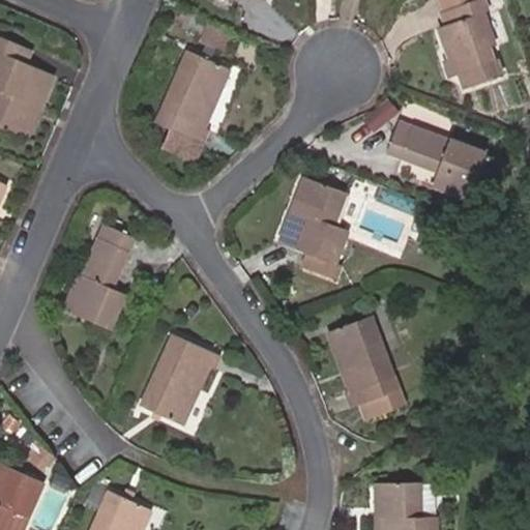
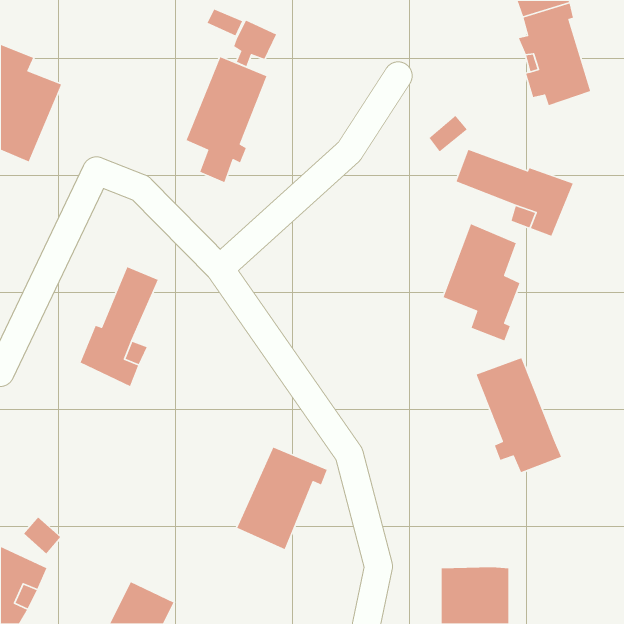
building: [277,178,344,278] -> [442,223,521,342]
building: [326,317,400,415] -> [475,357,562,473]
building: [141,334,218,422] -> [236,446,328,550]

